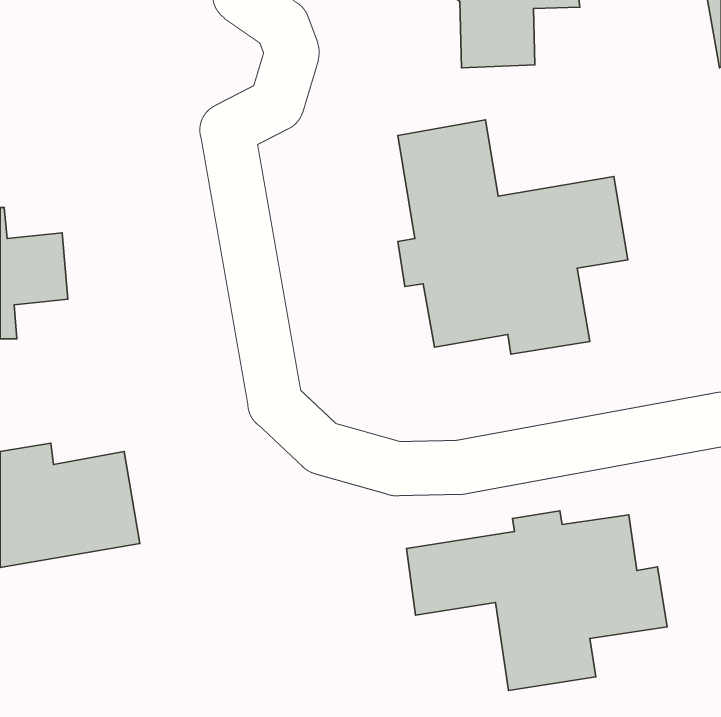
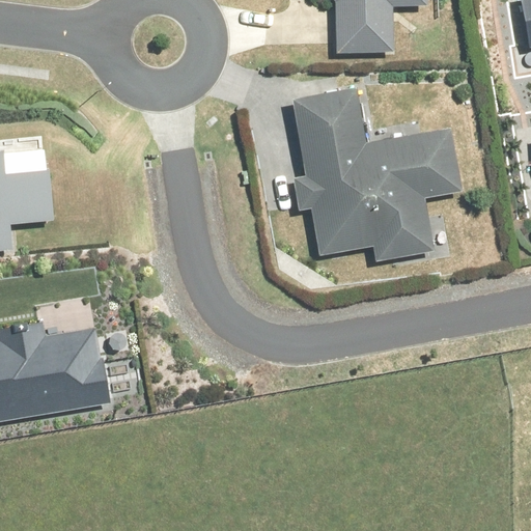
building: [406,511,667,690] -> none

